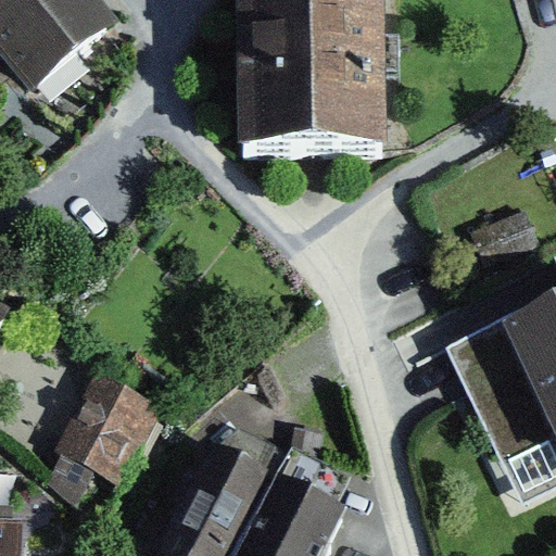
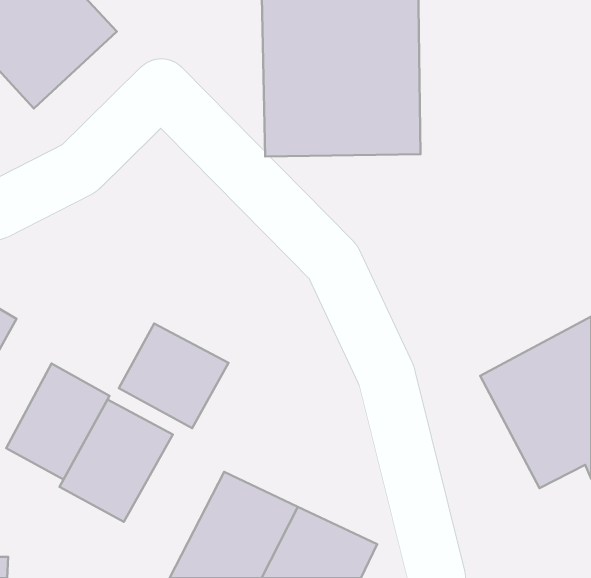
building: none -> [119,324,228,428]
building: none -> [6,363,109,480]

